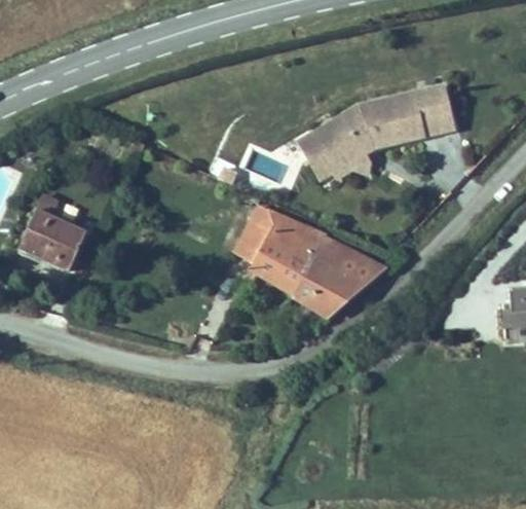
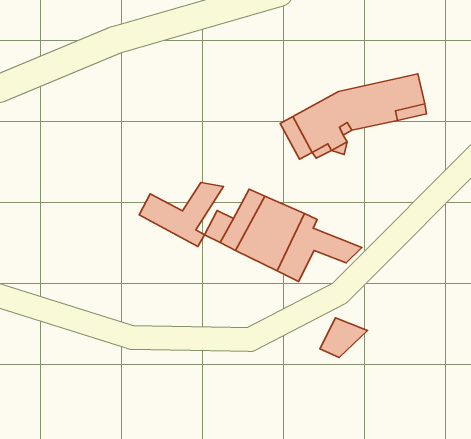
building: none -> [139,182,224,247]
building: [23,205,85,277] -> none
building: [317,271,368,314] -> [320,318,367,357]

